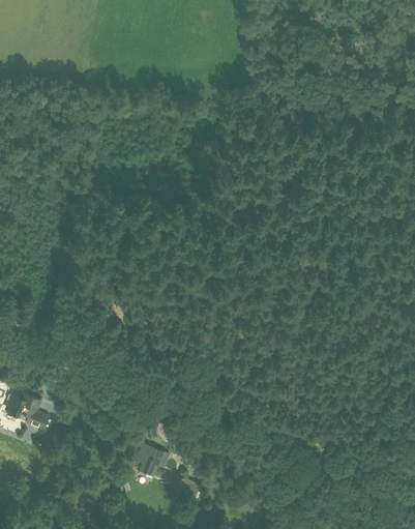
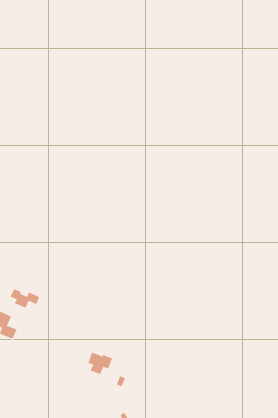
building: none -> [10,289,40,309]

